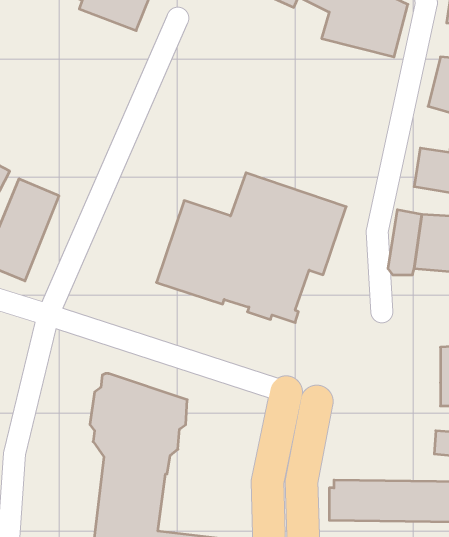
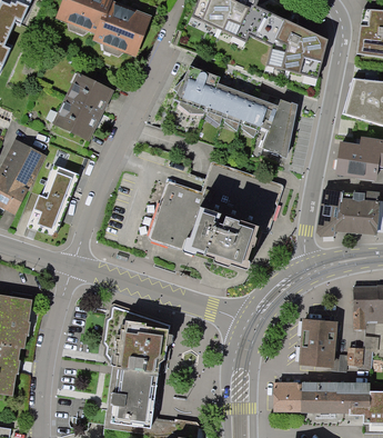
building: none -> [174,64,299,157]
building: none -> [49,76,112,142]
building: none -> [300,318,337,366]

